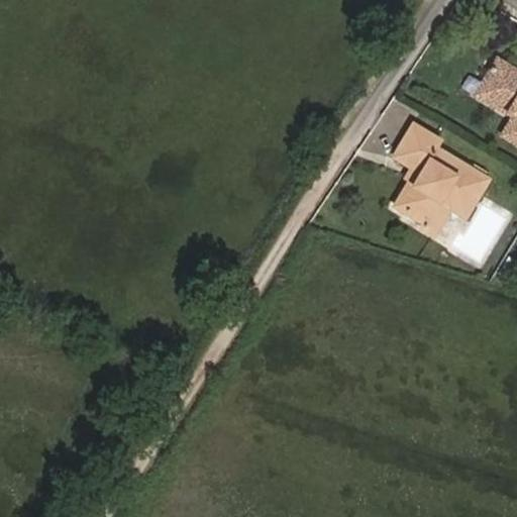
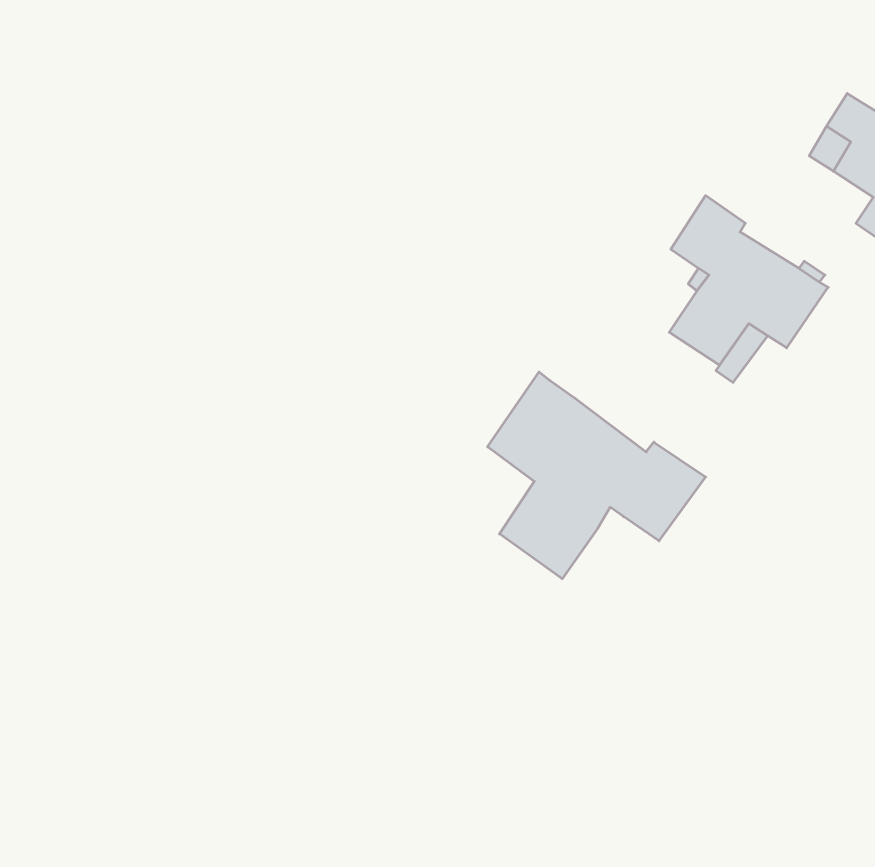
building: none -> [488,372,706,579]

